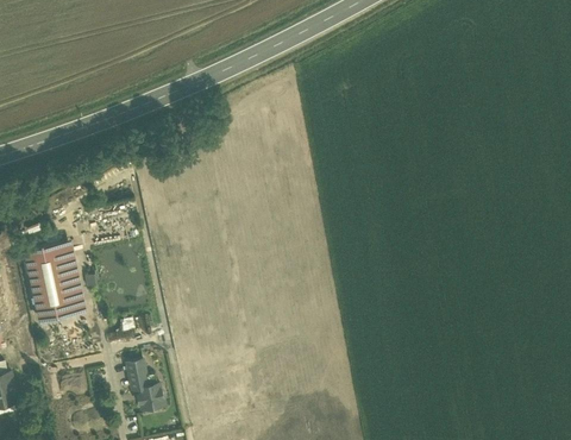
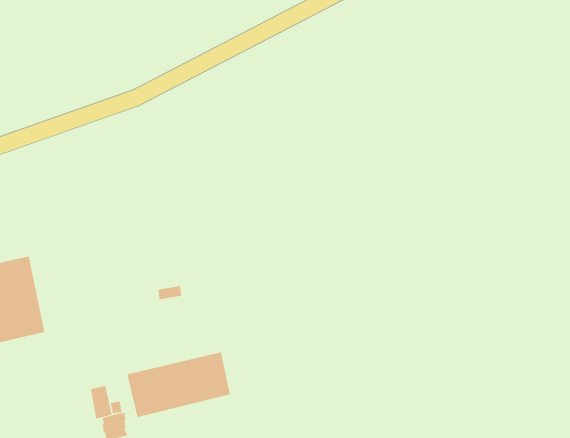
building: none -> [127,352,231,418]

